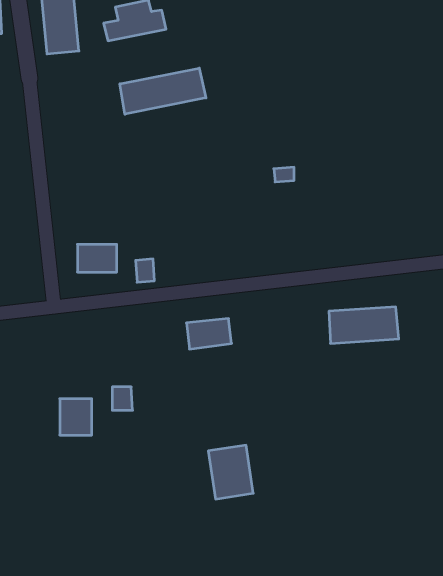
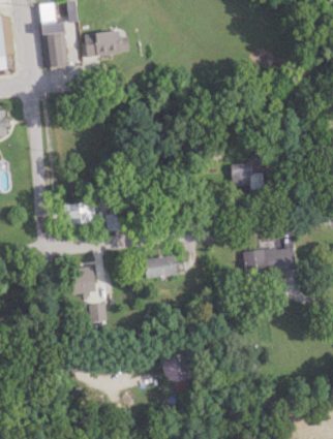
building: [120,68,206,114] -> none
building: none -> [232,163,252,185]
building: [60,399,92,435] -> [71,268,94,293]

